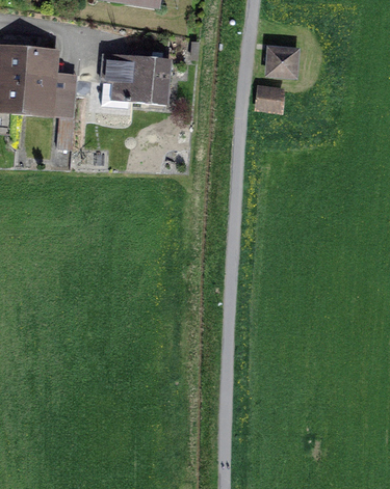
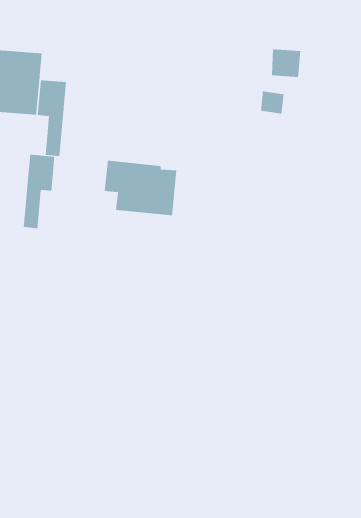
building: [100,52,168,104] -> [104,160,177,216]
building: none -> [23,154,55,229]

